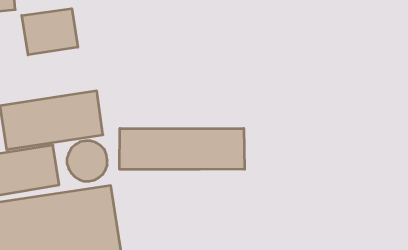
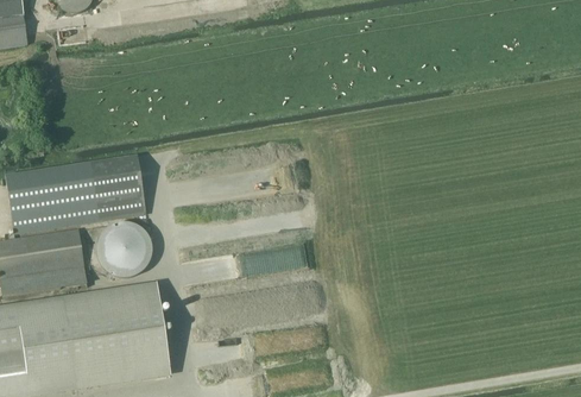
building: [22,9,78,55] -> none
building: [120,128,245,169] -> none

